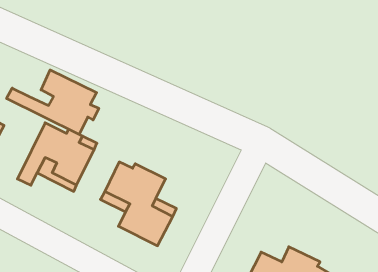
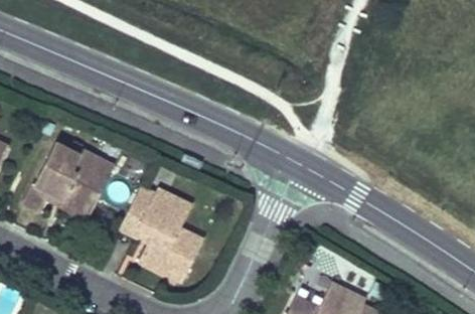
building: [7,70,99,134] -> none

